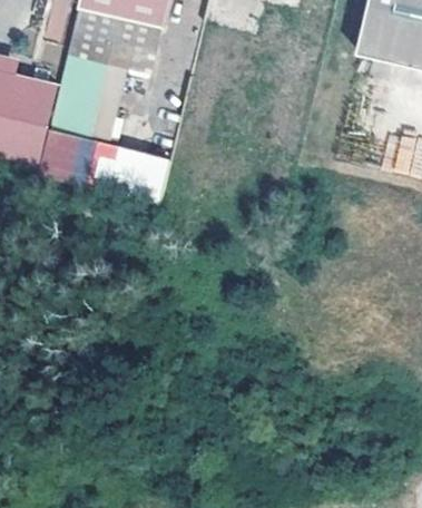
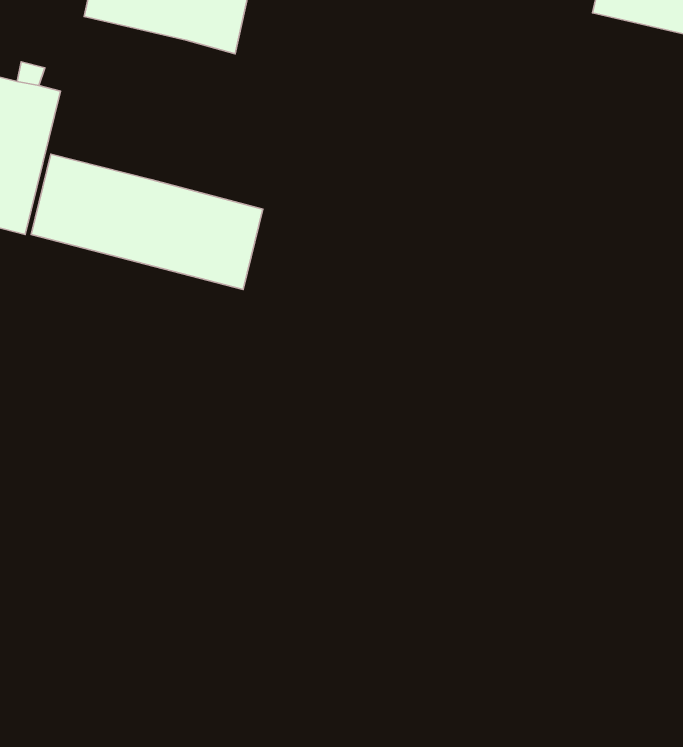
building: [50,49,127,141] -> none

